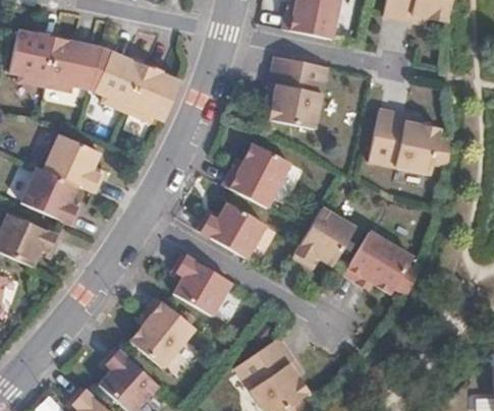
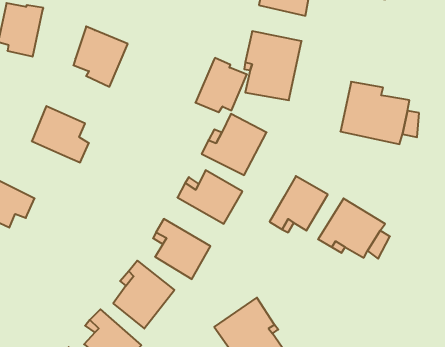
building: [45,35,103,87] -> none
building: [125,67,179,124] -> [195,58,247,112]
building: [23,168,84,227] -> none

